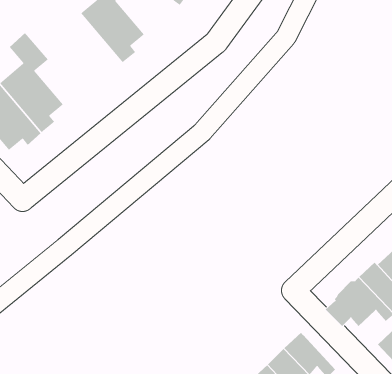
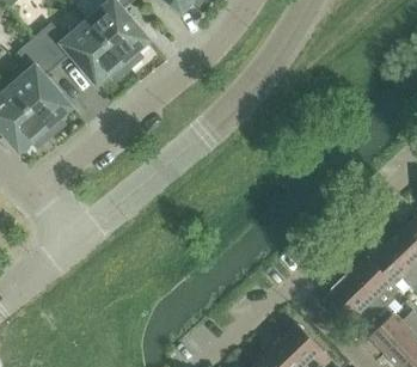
building: none -> [35,19,128,84]

